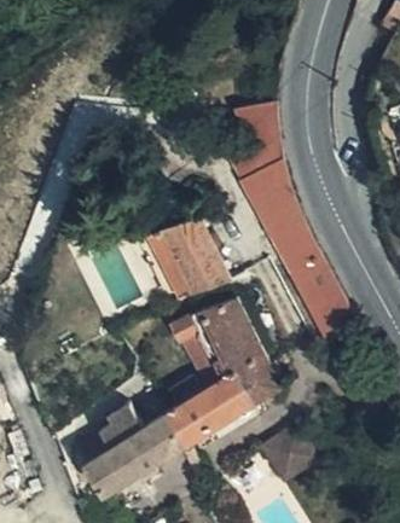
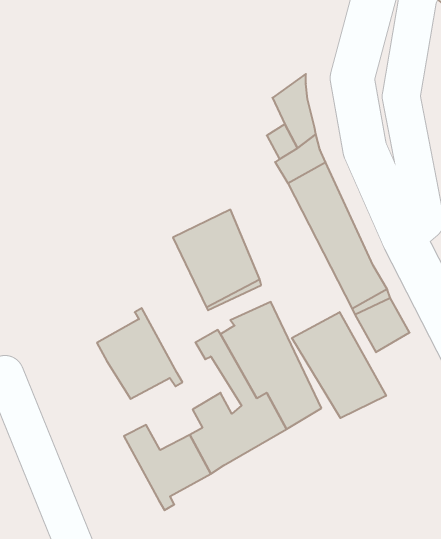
building: none -> [292,312,386,418]
building: [71,413,145,492] -> [97,308,182,399]
building: [261,432,311,484] -> none

